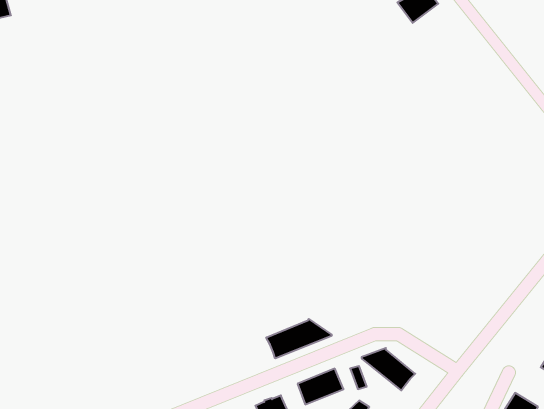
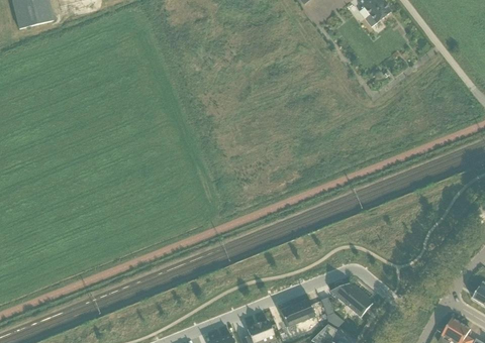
building: [266,319,332,358] -> none

